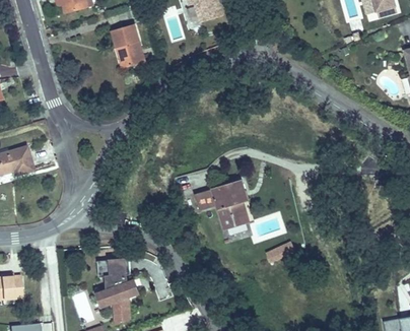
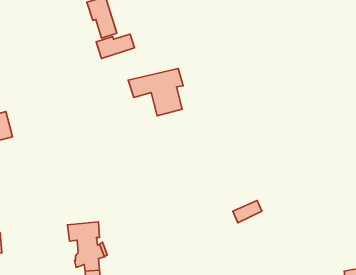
building: none -> [96,34,134,58]
building: [194,186,252,236] -> [128,68,183,116]

